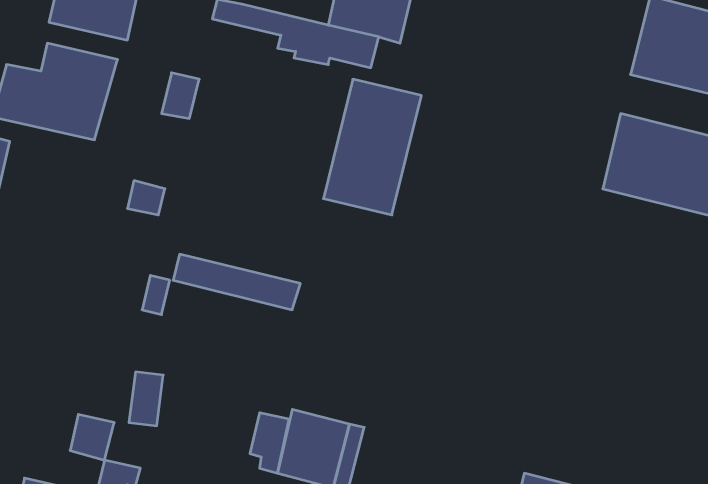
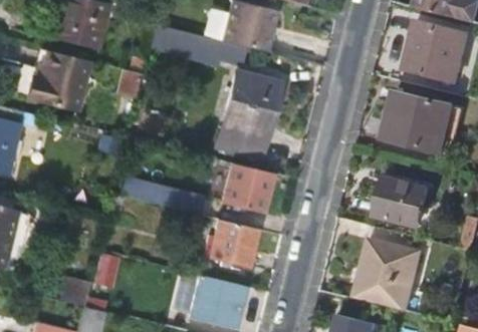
building: none -> [223,161,272,212]
building: none -> [377,177,428,224]
building: none -> [210,220,257,267]
building: none -> [361,239,422,311]

